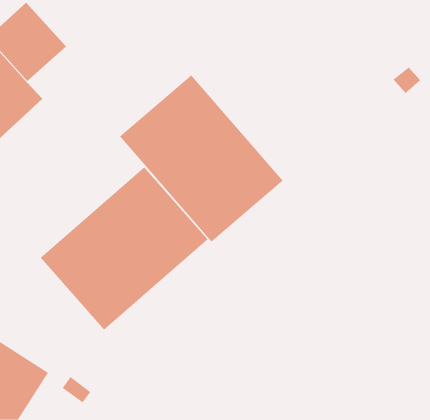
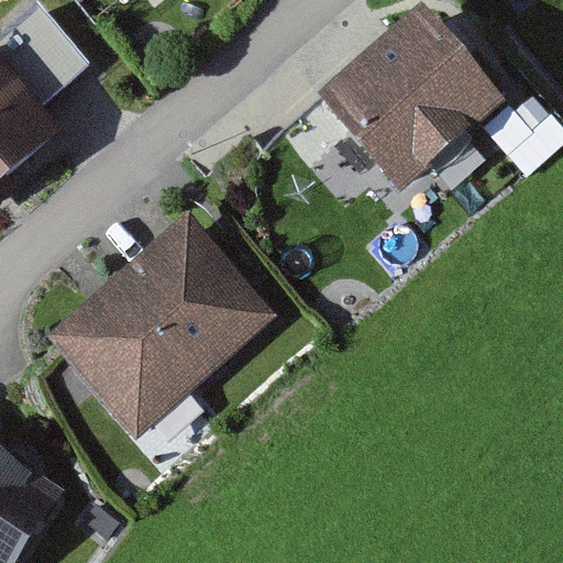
building: none -> [319,9,504,191]
building: [119,74,284,242] -> none

